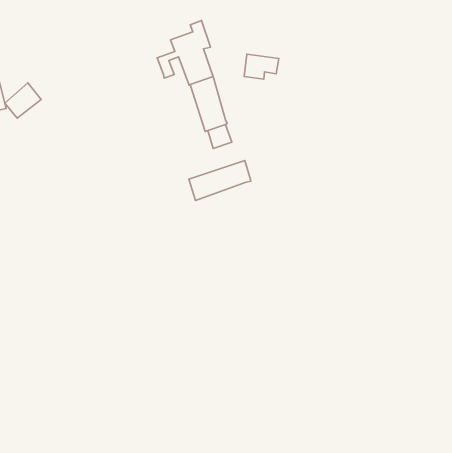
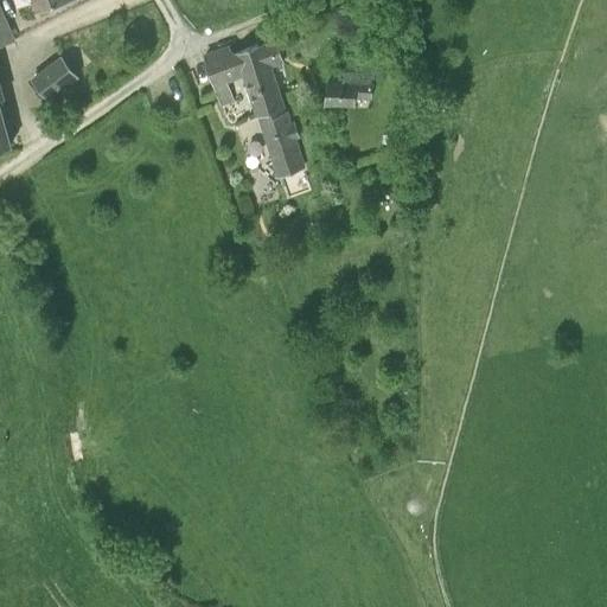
building: [5,83,41,118] -> [28,53,77,101]
building: [189,160,251,200] -> none

